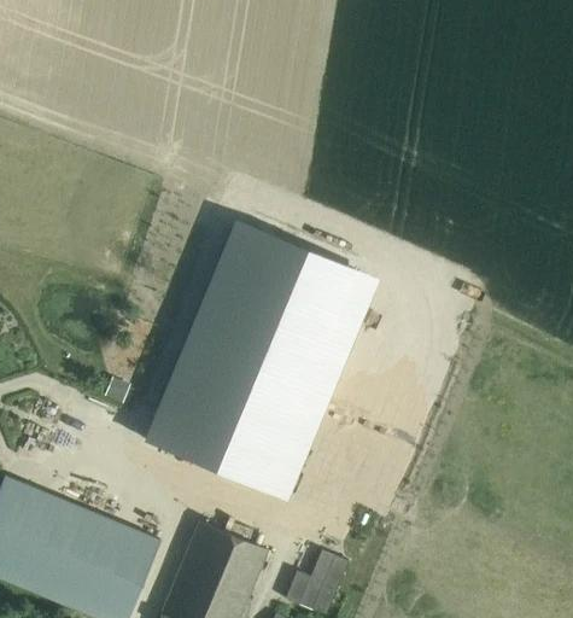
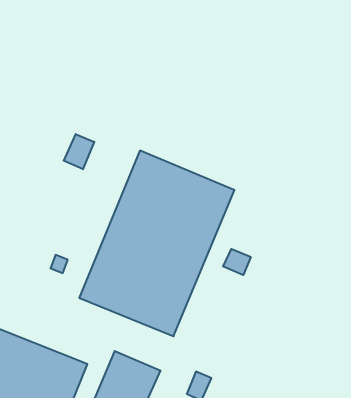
building: none -> [64,134,94,169]
building: none -> [223,249,251,275]

